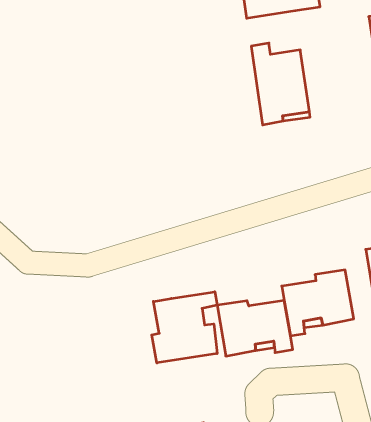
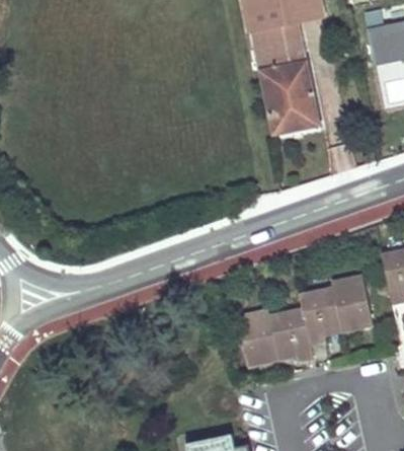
building: none -> [251,23,306,68]
building: [152,292,217,363] -> none

